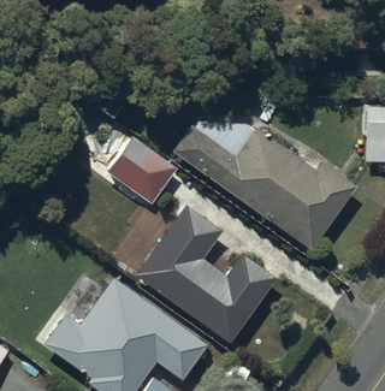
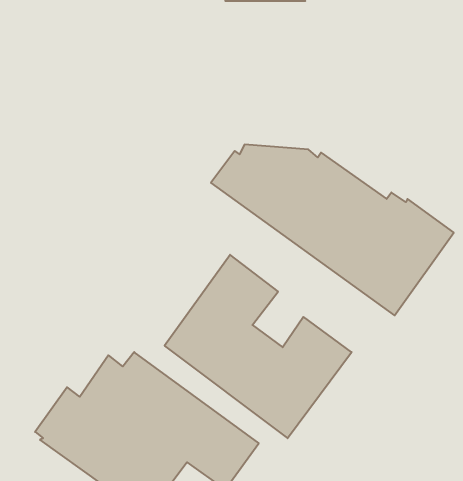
building: [109,140,179,206] -> none

